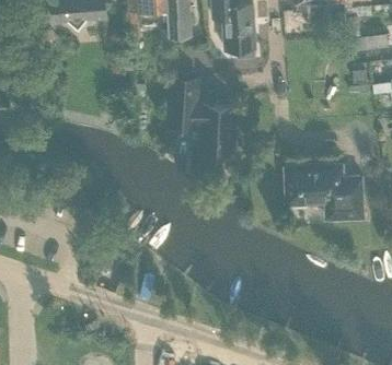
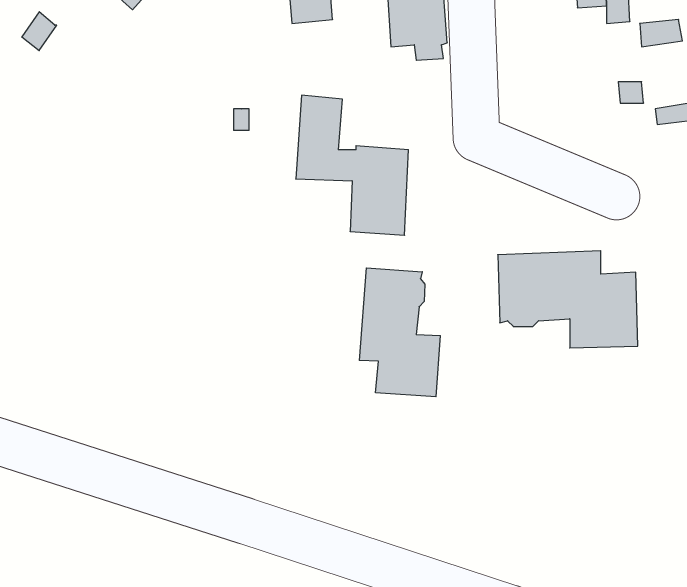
building: none -> [359,268,440,397]

